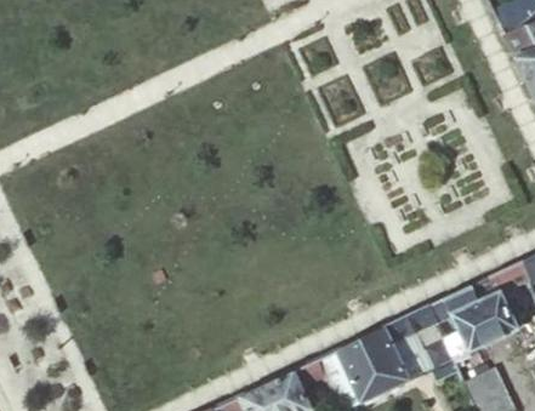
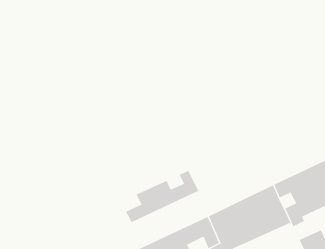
building: none -> [126,170,199,223]

